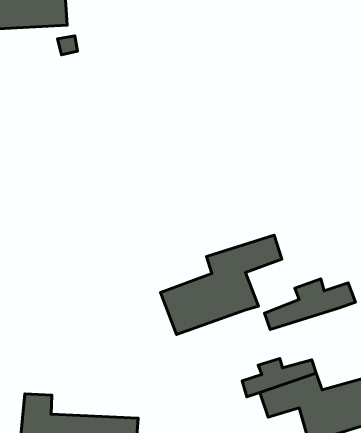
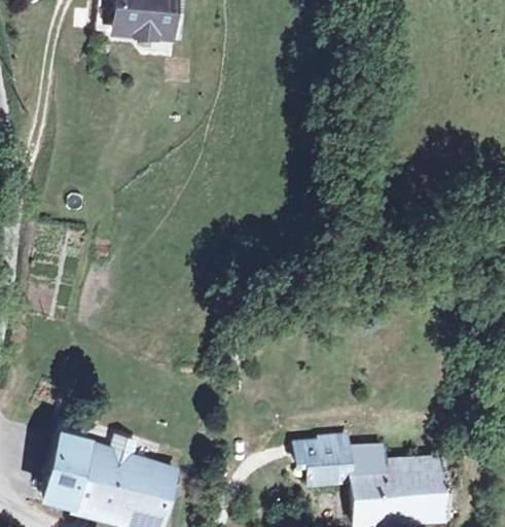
building: [160,235,282,335] -> none
building: [264,279,355,329] -> none

